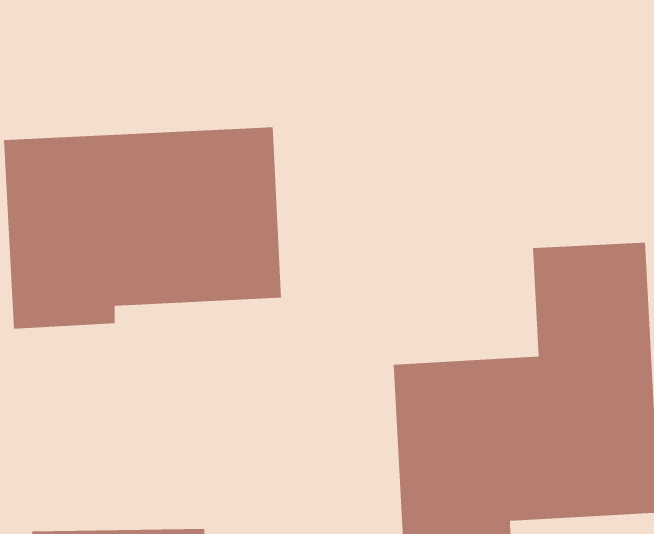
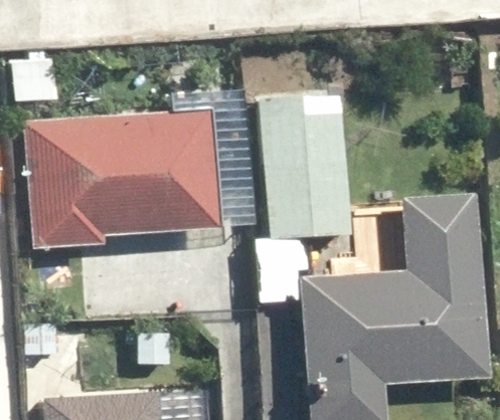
building: none -> [260,89,351,240]

